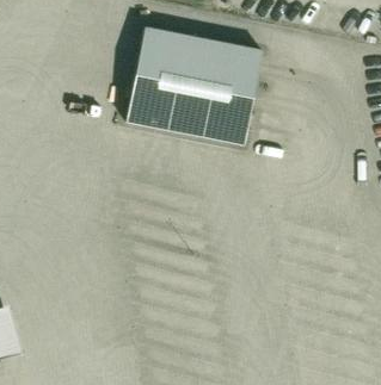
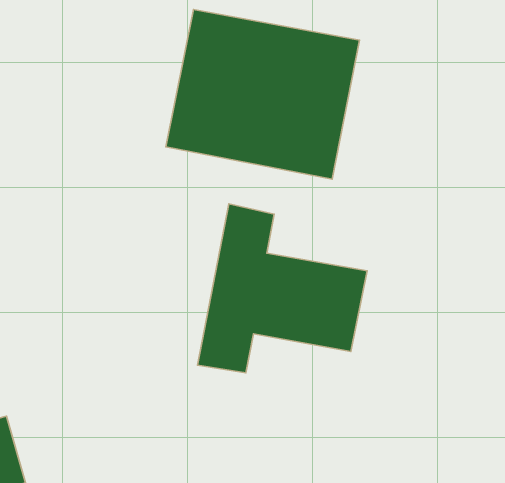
building: none -> [197,204,367,373]

